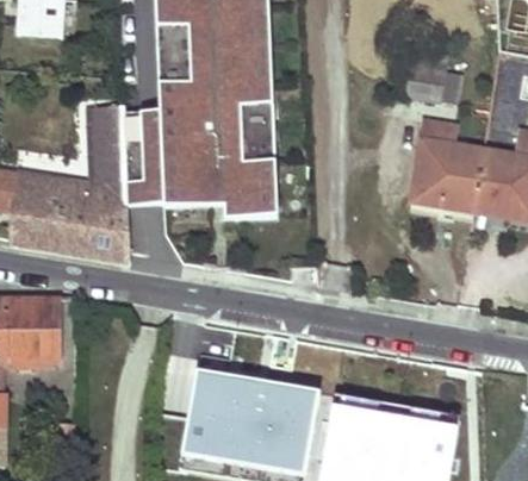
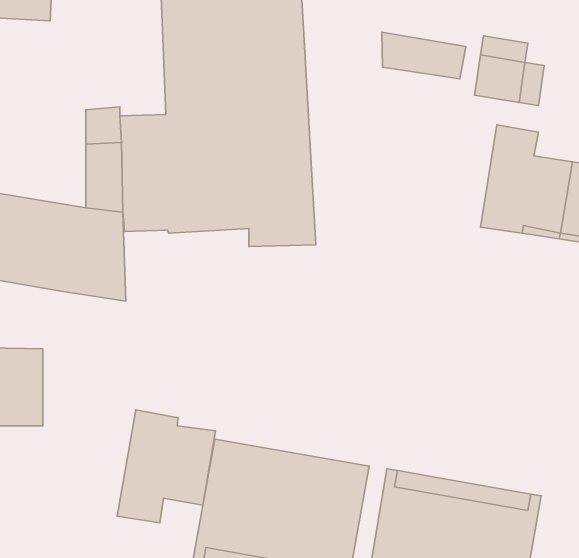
building: none -> [382,32,466,79]
building: none -> [117,410,215,523]

